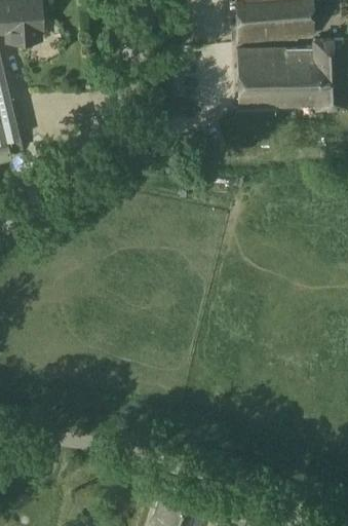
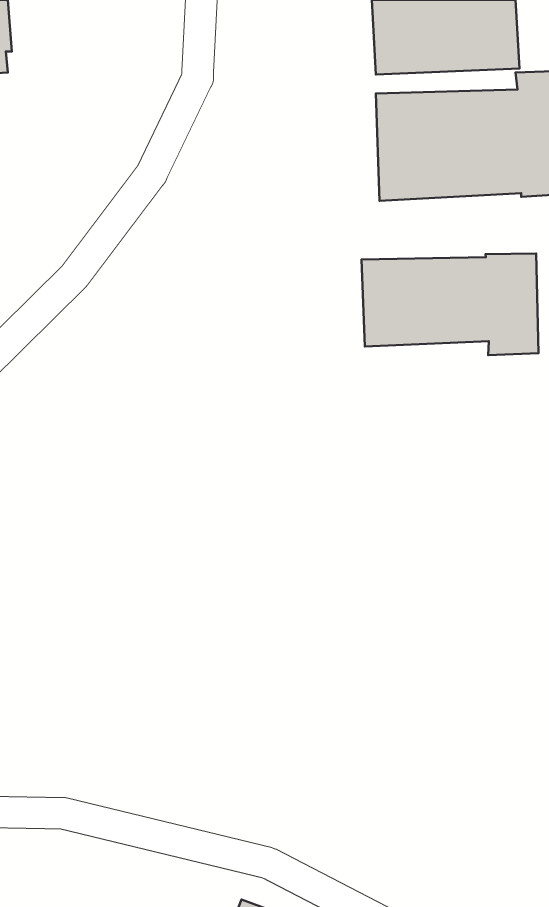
building: none -> [362,254,538,355]

